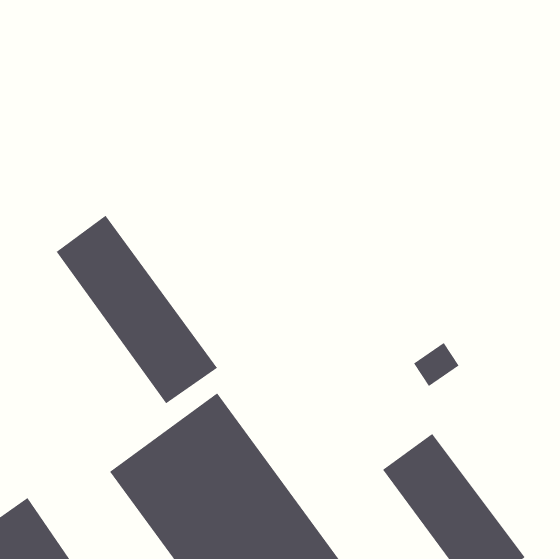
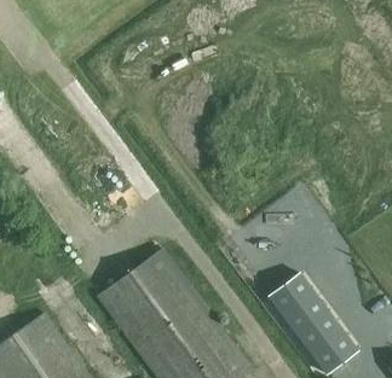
building: [56,215,218,404] -> none

